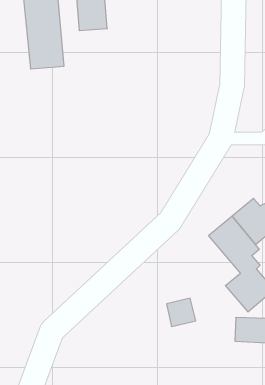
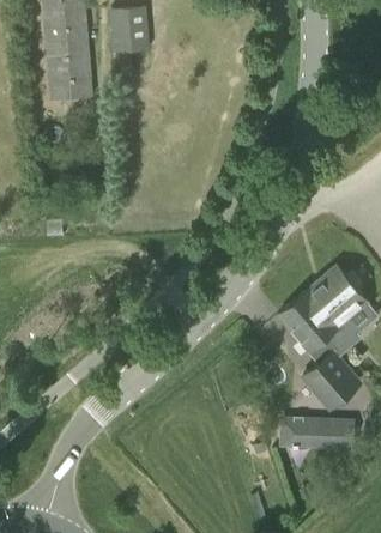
building: [167,298,196,326] -> [274,411,312,447]

